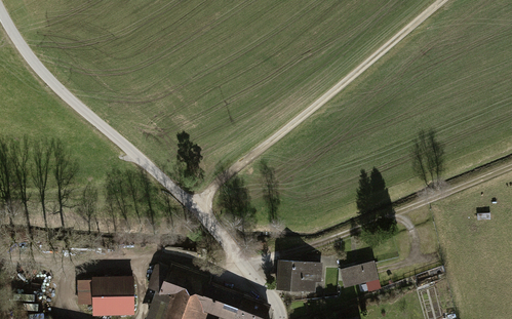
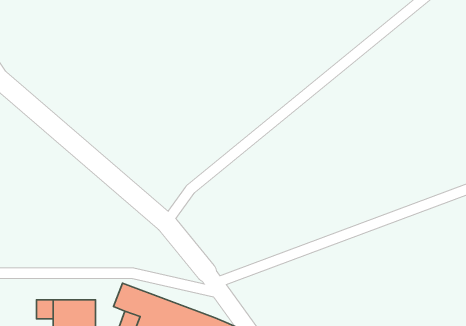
building: [338,261,373,289] -> none
building: [275,262,317,292] -> none

